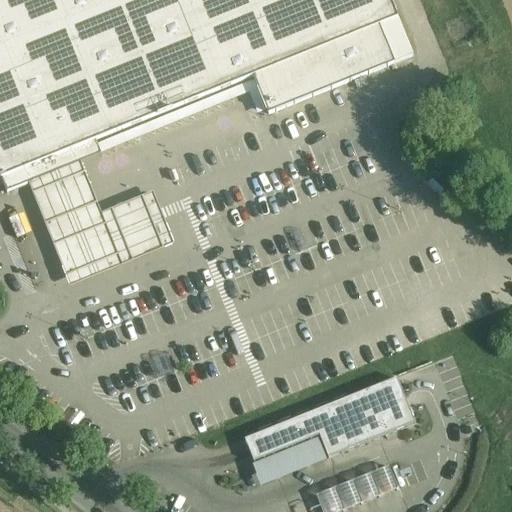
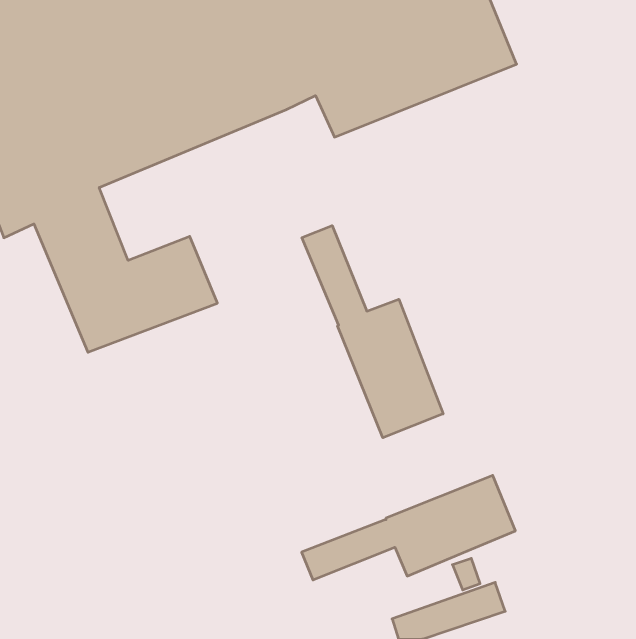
building: none -> [302,226,443,438]
building: [249,435,324,484] -> none

